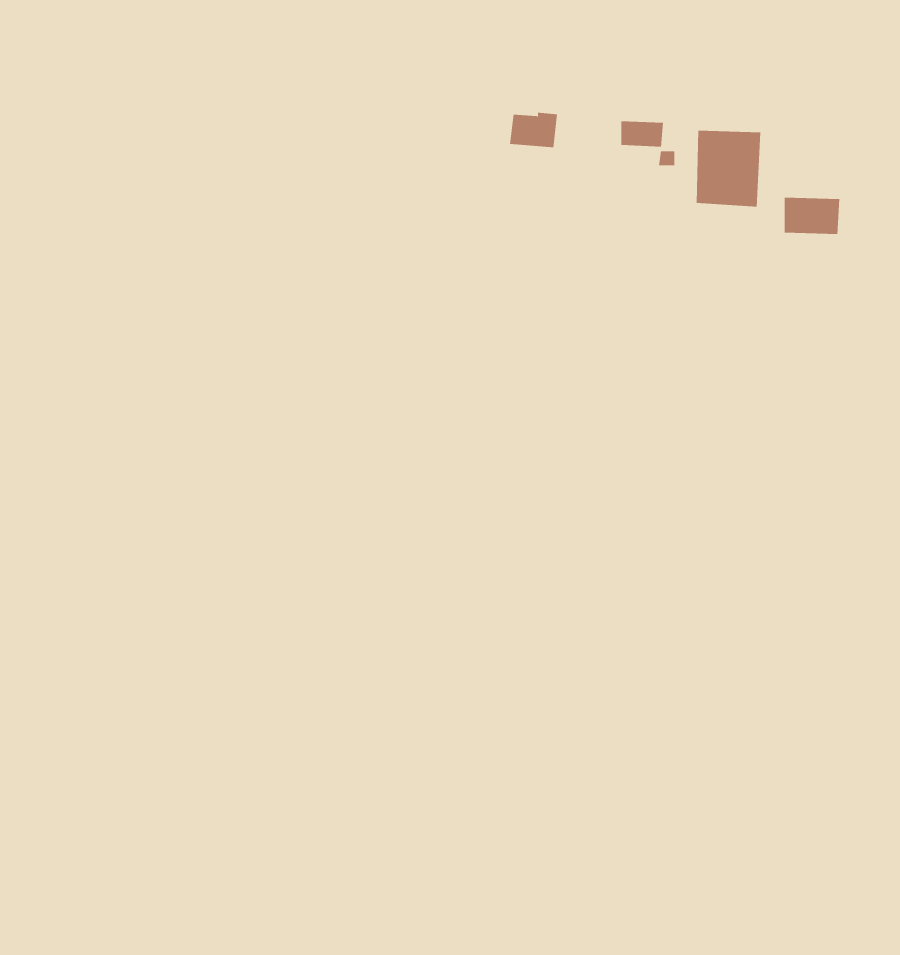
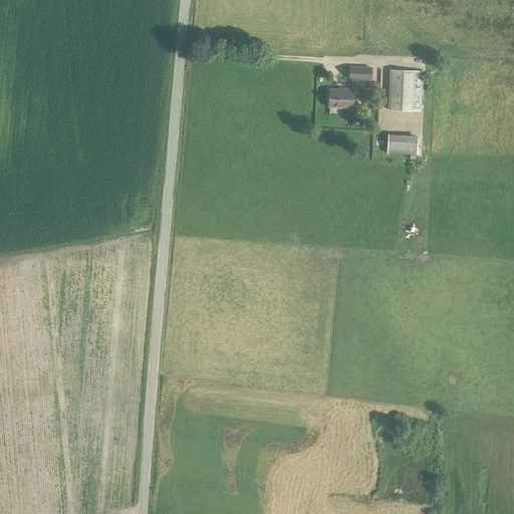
building: [509,112,558,148] -> [325,87,351,106]
building: [784,197,840,235] -> [386,134,416,154]

